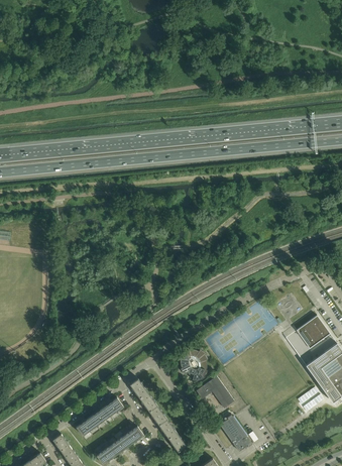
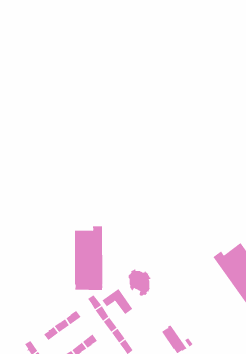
building: none -> [75,226,103,291]
building: [195,375,233,407] -> [102,288,133,315]

